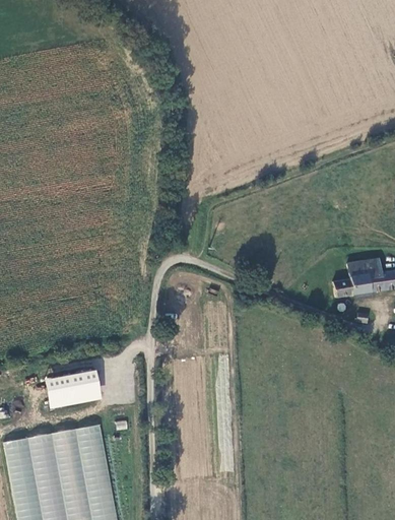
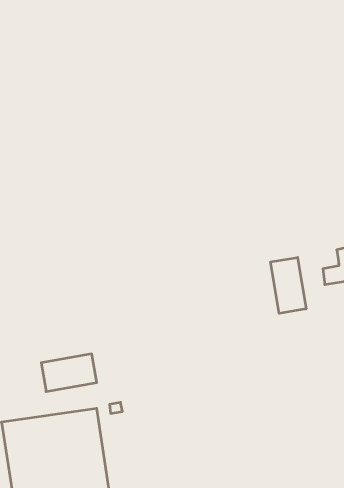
building: none -> [271,257,306,313]

